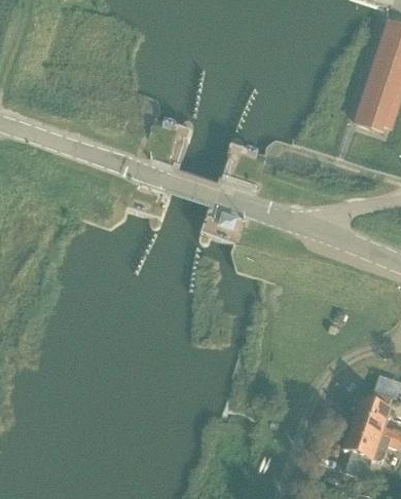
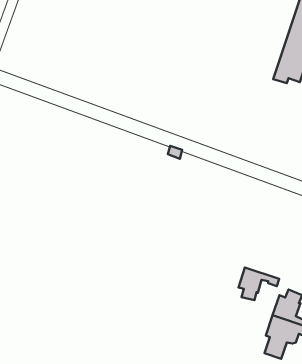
building: none -> [238,267,279,300]

